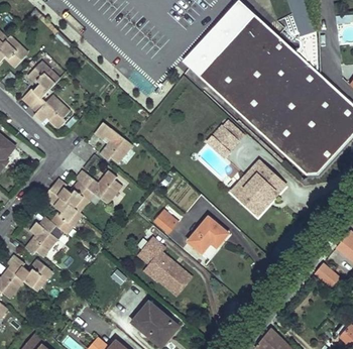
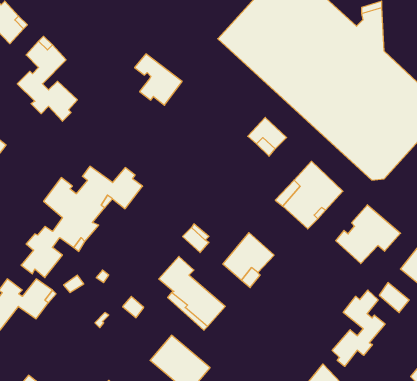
building: [94,120,132,161] -> [135,54,182,105]
building: none -> [336,205,401,264]
building: none -> [332,290,385,366]

